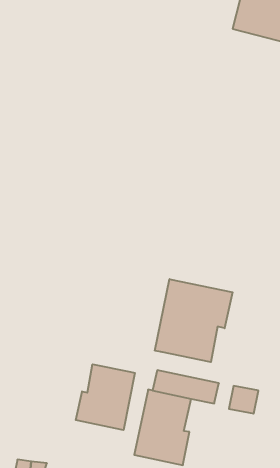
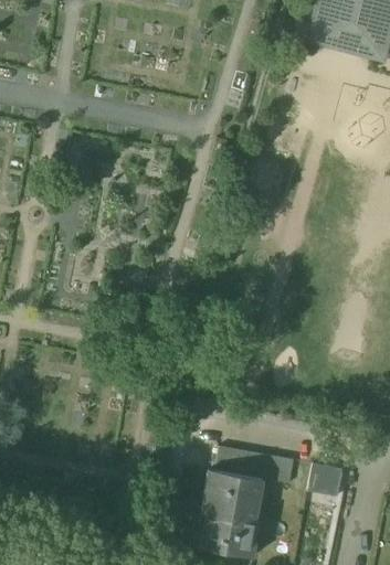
building: [155,279,233,362] -> none
building: [76,364,135,430] -> none

